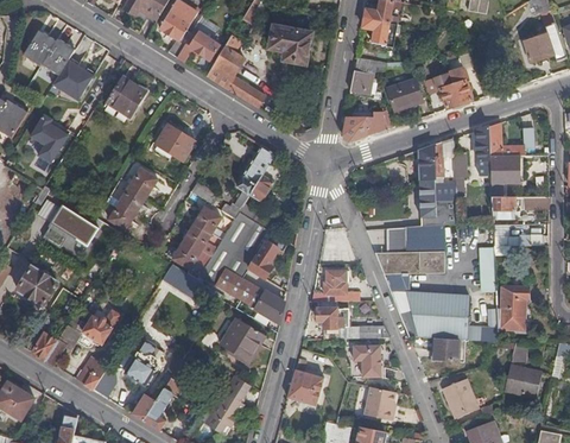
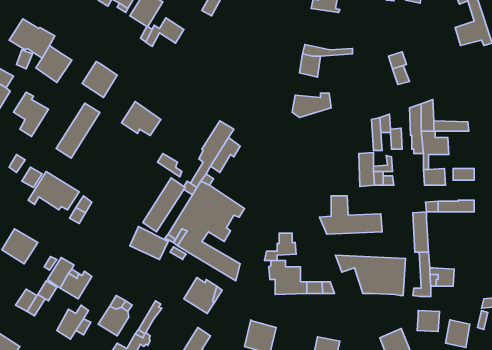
building: [361,18,397,46] -> none
building: [271,25,312,62] -> none
building: [208,33,264,106] -> none
building: [432,71,460,108] -> none
building: [387,78,423,110] -> none
building: [414,143,432,181] -> none
building: [107,166,156,228] -> [56,103,100,158]
building: [403,226,441,249] -> none
building: [499,286,526,310] -> none
building: [431,337,456,361] -> [417,310,439,332]
building: [353,344,380,376] -> none

